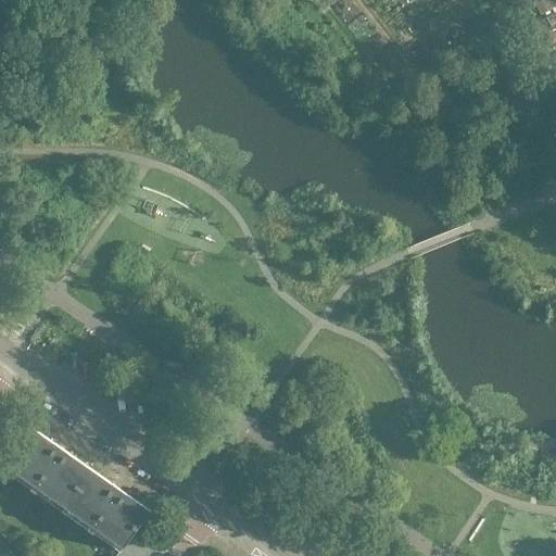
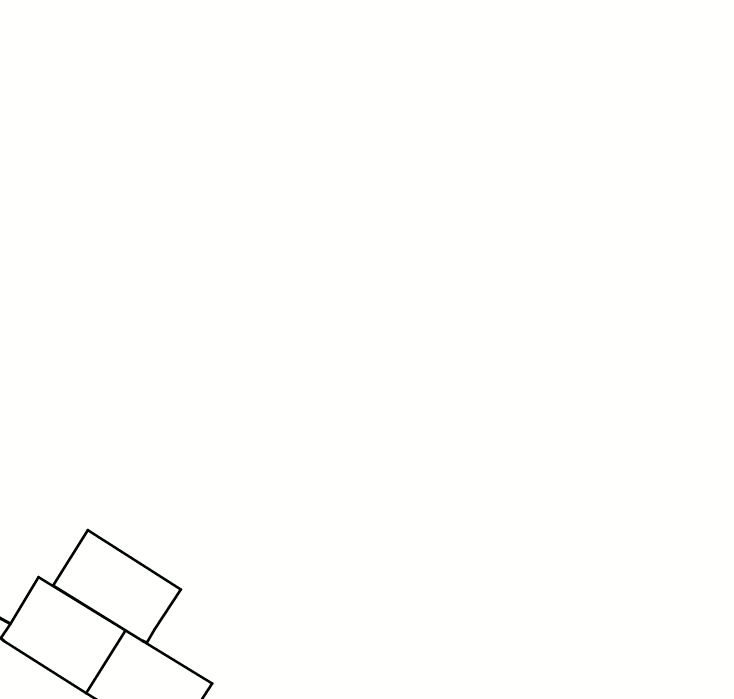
building: none -> [53,530,181,643]

